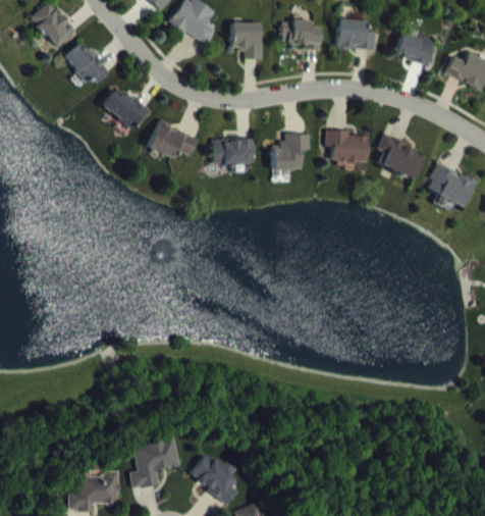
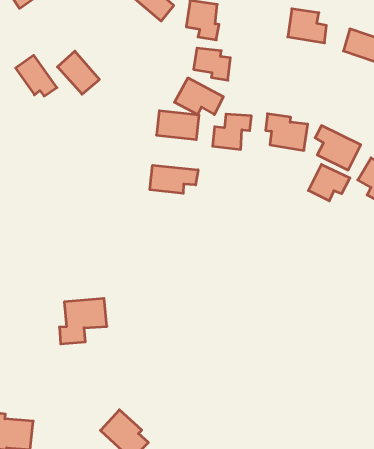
building: [284,20,321,50] -> [194,48,230,80]
building: [64,42,109,83] -> [16,55,57,96]
building: [148,121,198,158] -> [174,78,223,115]
building: none -> [308,164,350,201]
building: none -> [150,165,198,193]
building: [129,437,178,489] -> [59,298,107,344]

